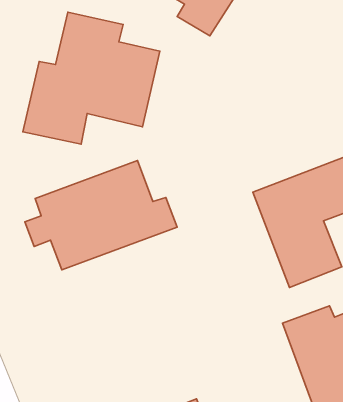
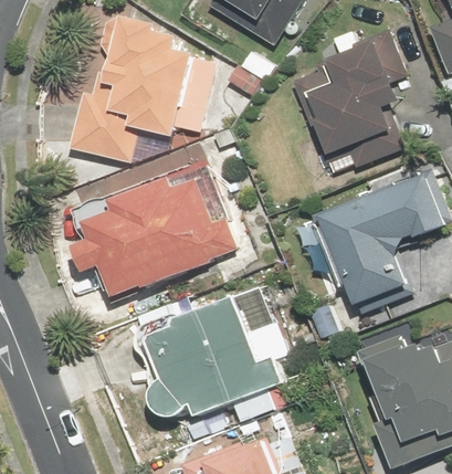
building: none -> [291,29,408,176]
building: none -> [126,295,281,426]

